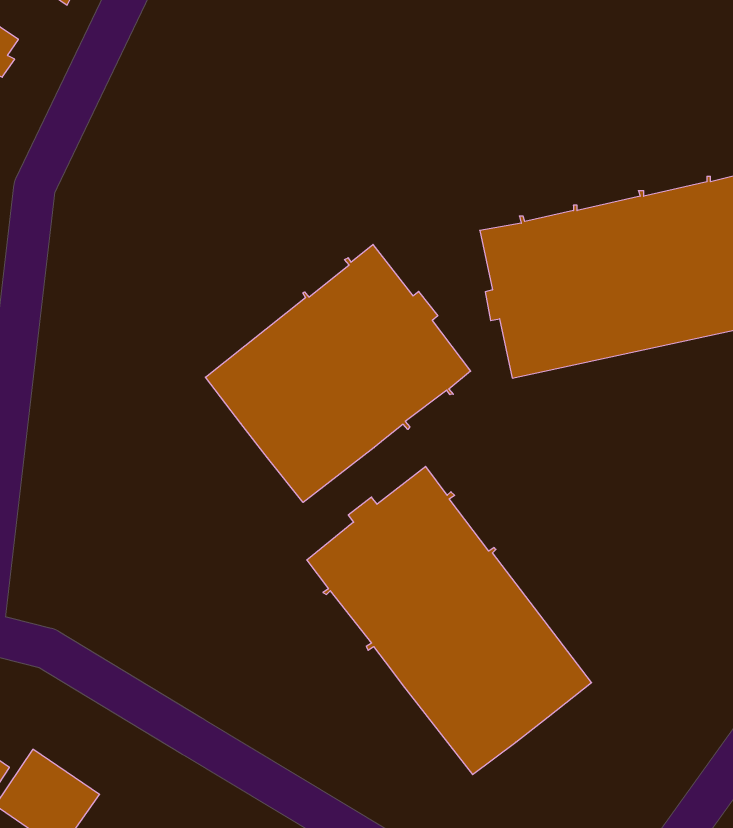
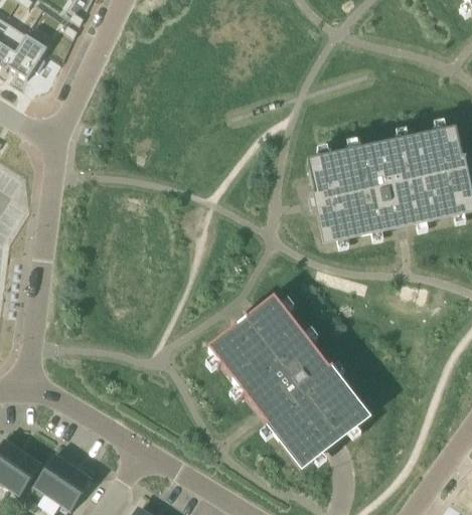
building: [205,244,471,502] -> none

